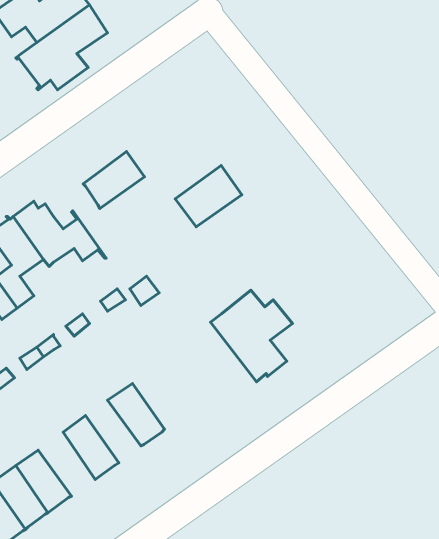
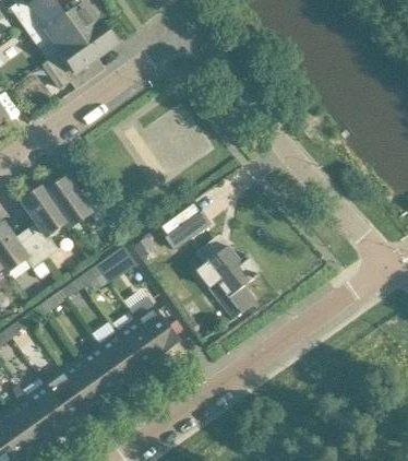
building: [83,152,144,208] -> none
building: [175,166,242,227] -> [157,199,209,247]
building: none -> [130,296,180,354]
building: none -> [98,331,142,380]
building: none -> [61,356,106,406]

